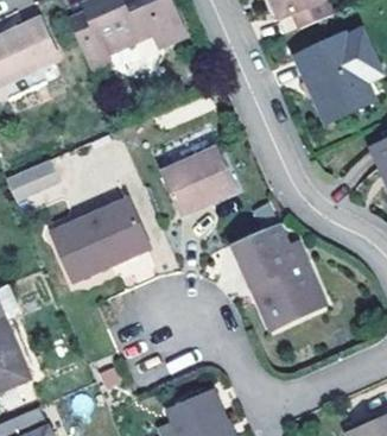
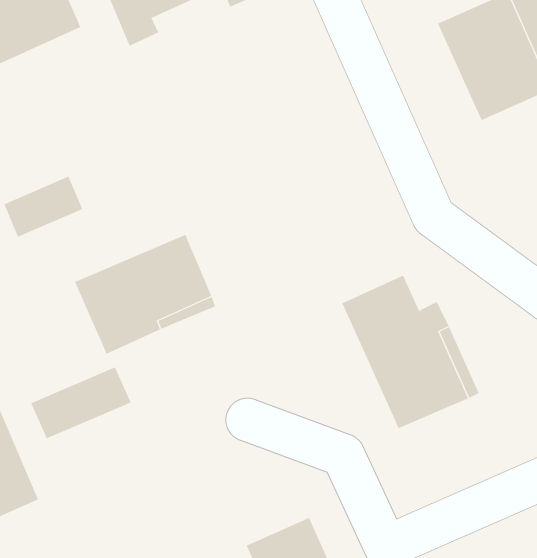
building: [163,147,237,215] -> none
building: none -> [30,366,131,439]

